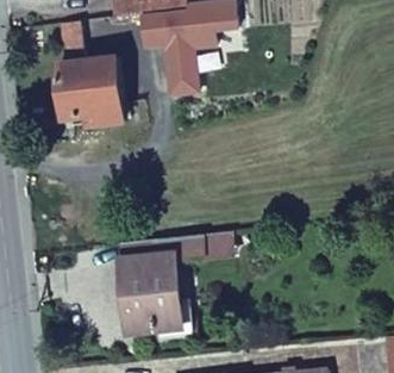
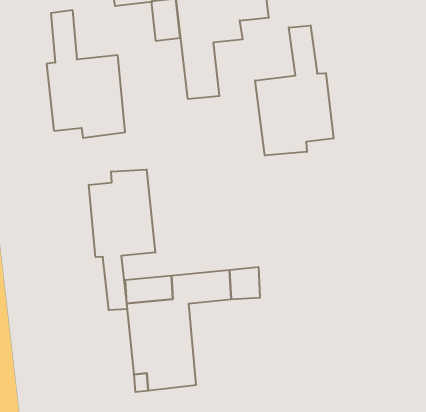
building: none -> [255,25,333,156]
building: none -> [89,169,155,310]

